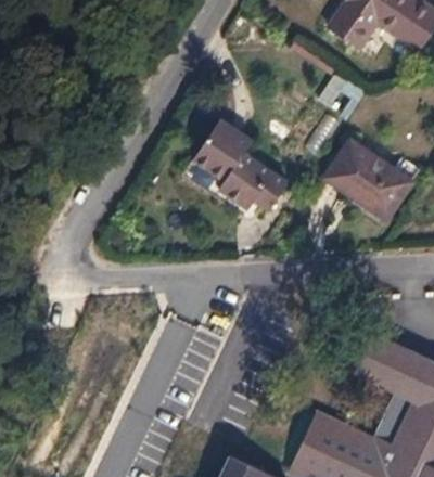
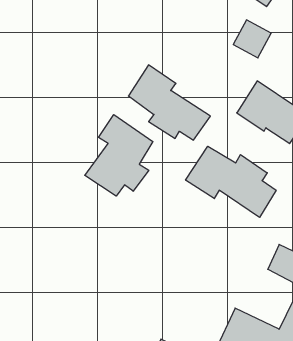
building: none -> [85,115,153,196]
building: none -> [186,146,276,217]

